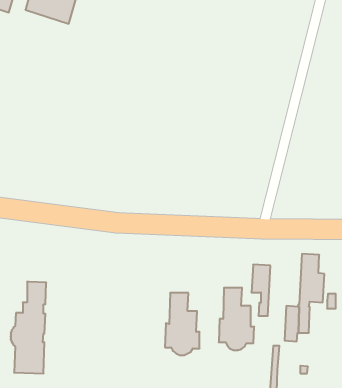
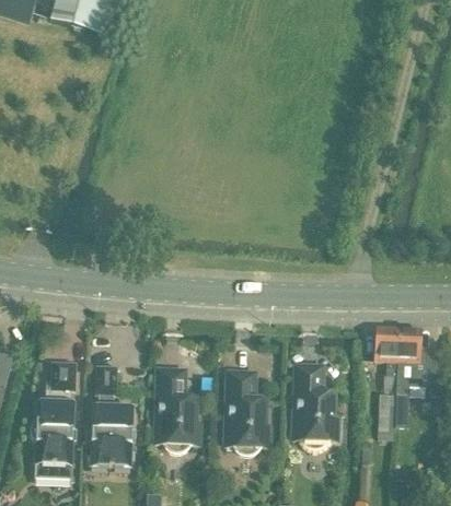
building: [251,265,270,316] -> [374,323,398,388]
building: none -> [91,363,136,463]
building: none -> [155,370,199,450]

